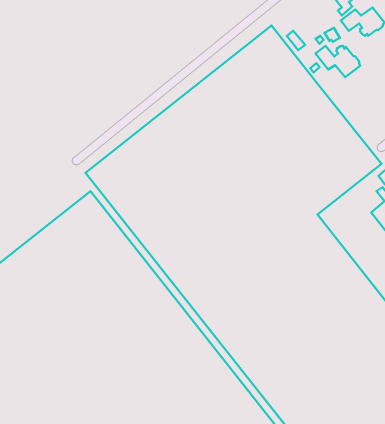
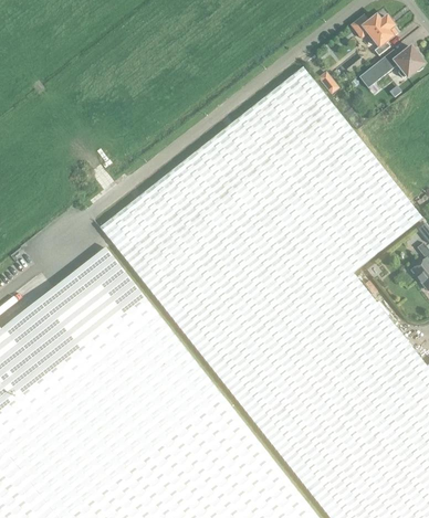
building: [315,46,360,77] -> none

